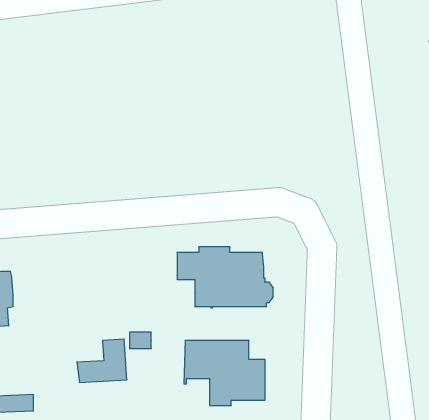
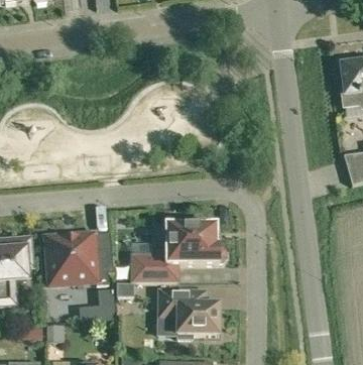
building: none -> [45,231,113,283]
building: none -> [131,253,158,280]

